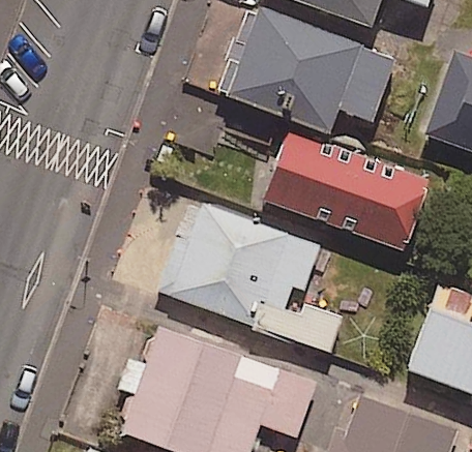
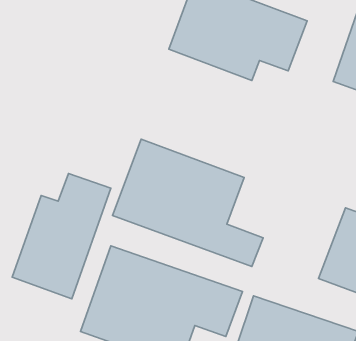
building: [264,132,426,248] -> none
building: none -> [12,173,111,299]

